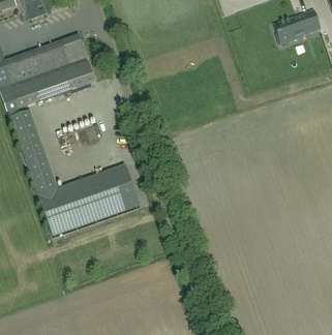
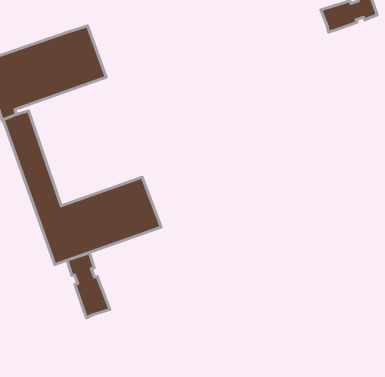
building: none -> [67,253,110,318]

